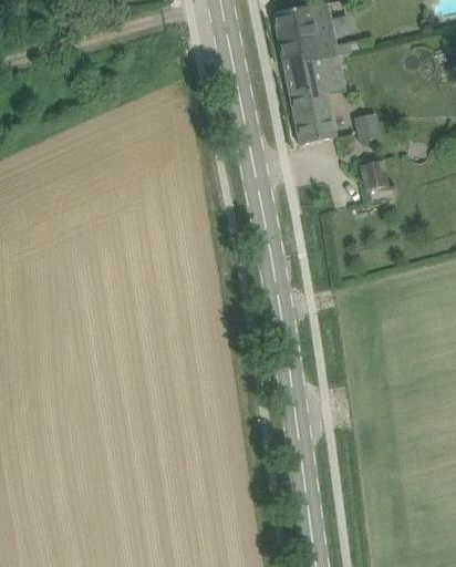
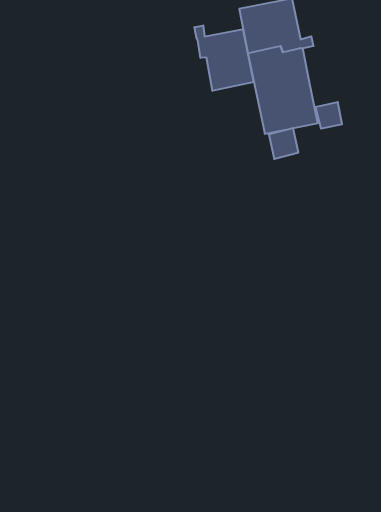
building: none -> [194,25,254,91]
building: [357,158,388,190] -> [269,128,298,159]

